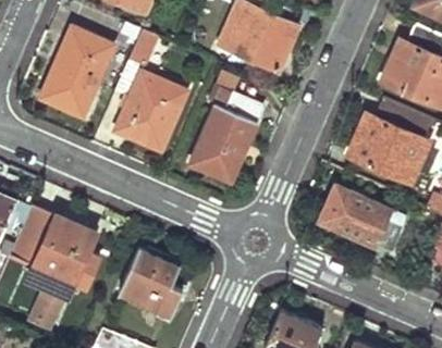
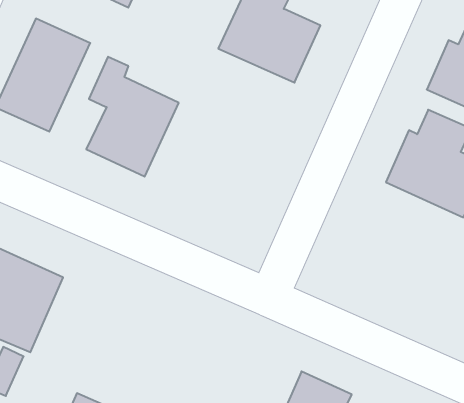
building: [187,90,262,184] -> none
building: [321,186,401,252] -> none
building: [115,245,186,312] -> none

